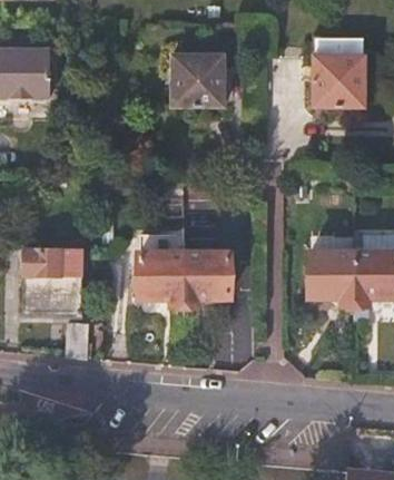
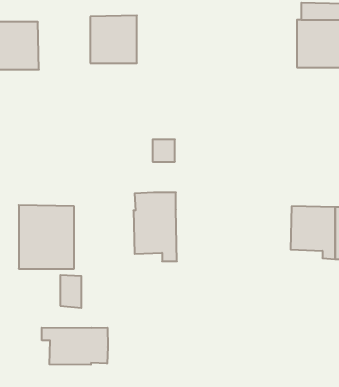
building: [174,56,223,106] -> [90,15,137,63]
building: [187,254,233,310] -> none
building: none -> [42,328,108,365]

